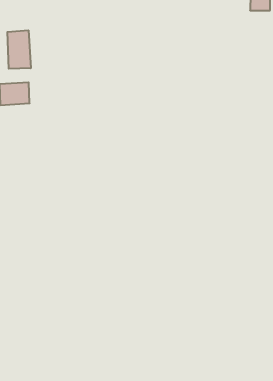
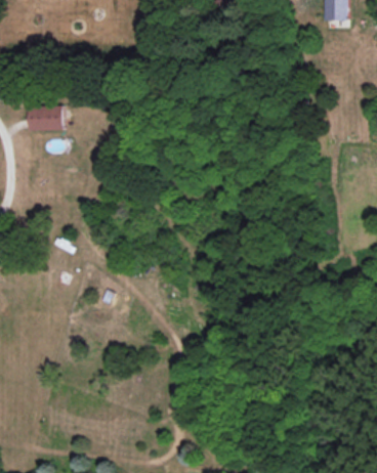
building: [7,30,31,69] -> none

